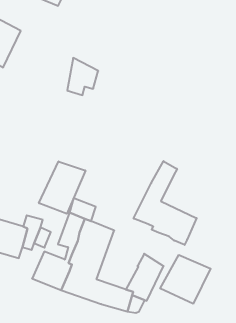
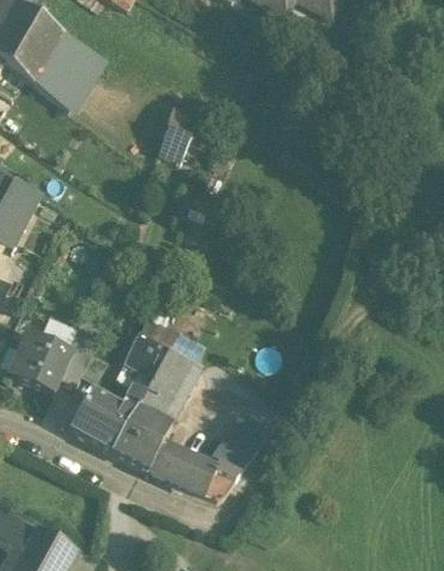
building: [134,161,197,245] -> none
building: [39,161,85,214] -> none
building: [160,255,211,304] -> none

